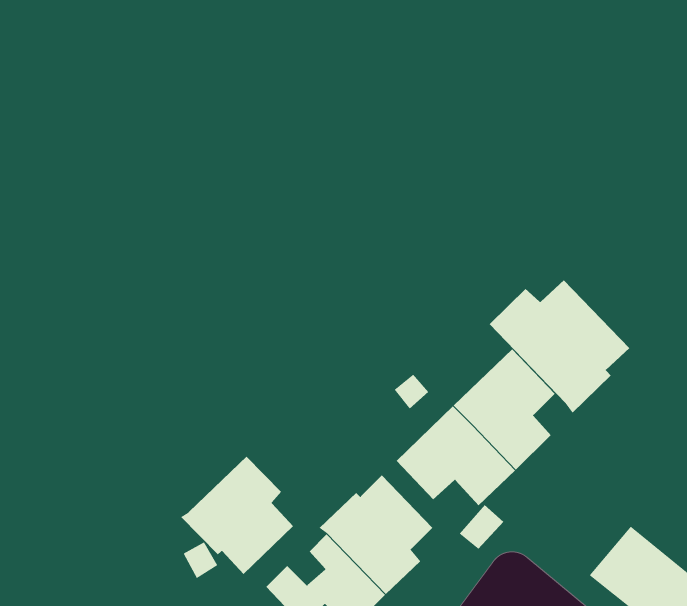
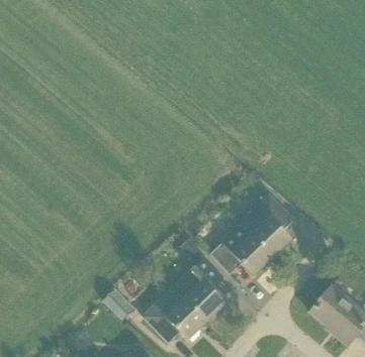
building: [489,280,630,414] -> none
building: [180,456,294,575] -> none

